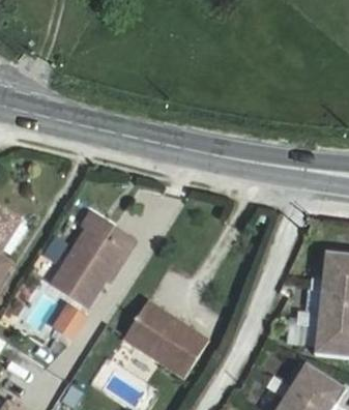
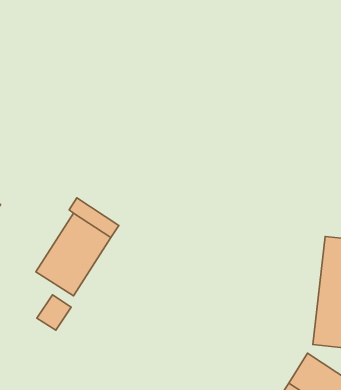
building: [121,300,208,380] -> none

